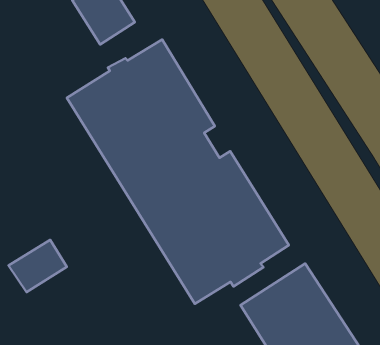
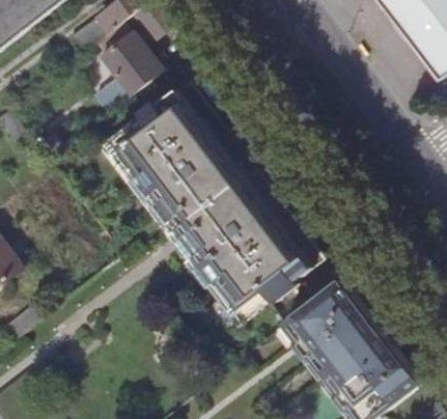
building: [9,240,67,292] -> none

